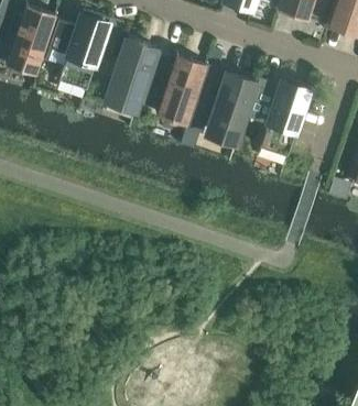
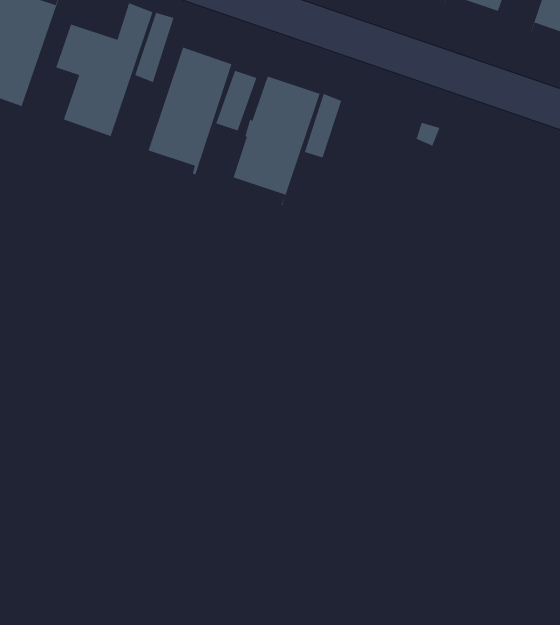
building: [207,72,256,145] -> none
building: [259,80,311,157] -> none

